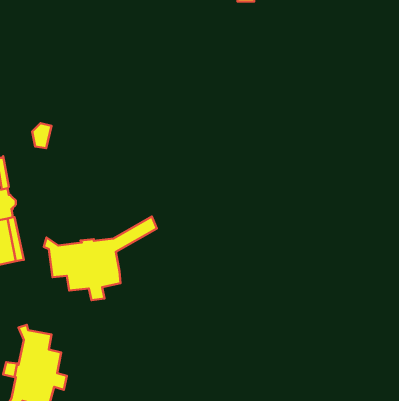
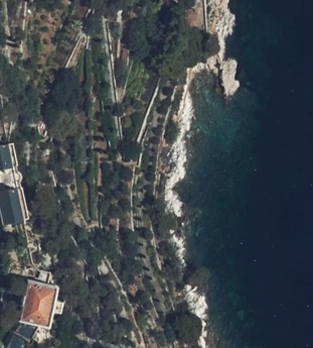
building: [44,216,157,300] -> none

